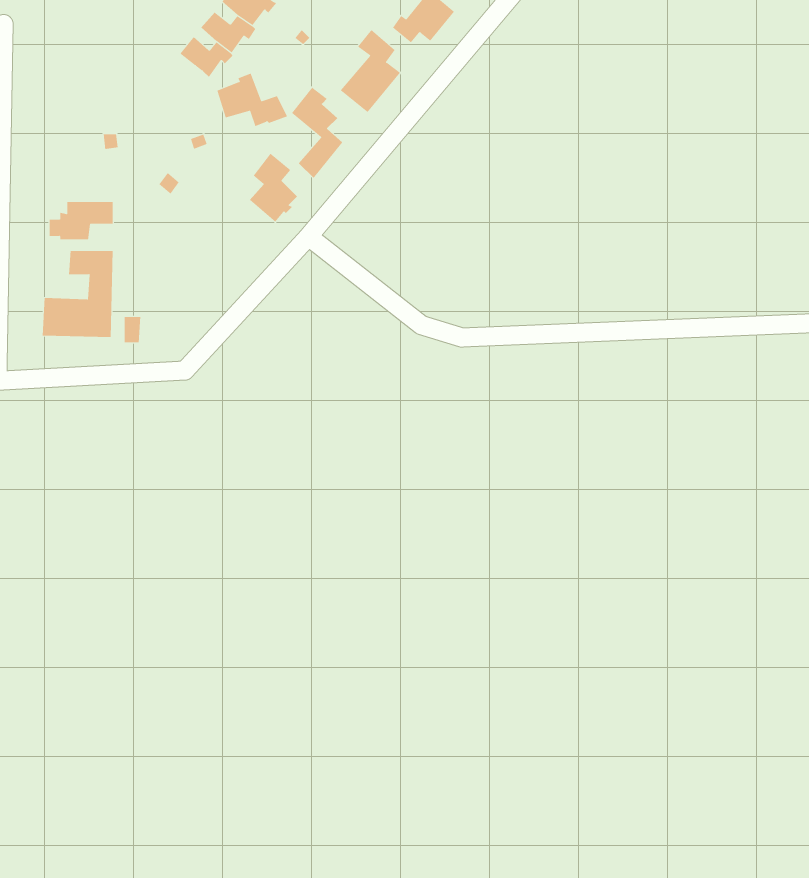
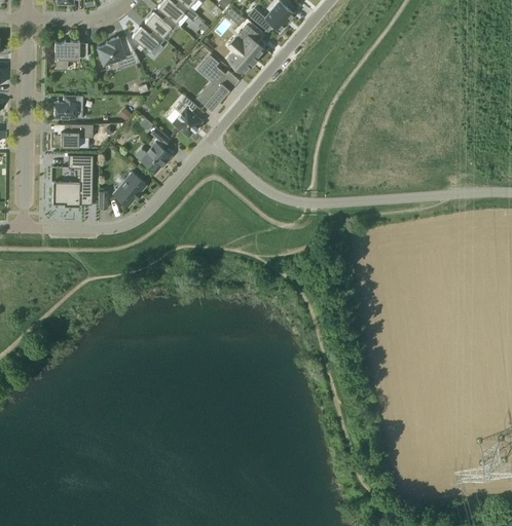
building: none -> [54,41,87,69]
building: [216,73,288,127] -> [98,37,140,69]
building: none -> [54,96,83,118]
building: none -> [135,127,172,172]
building: none -> [113,173,147,206]

